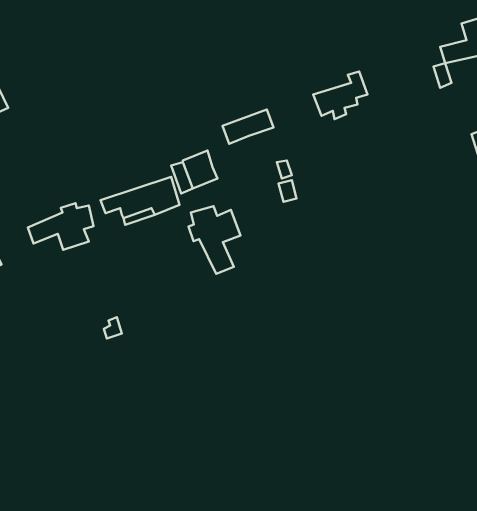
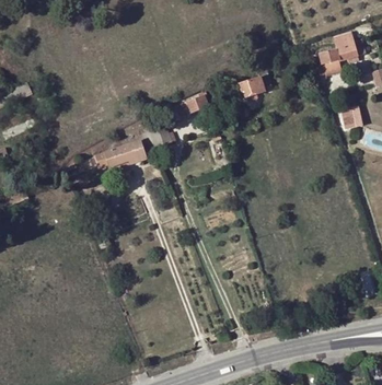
building: [28,203,94,250] -> none
building: [188,206,240,274] -> none

